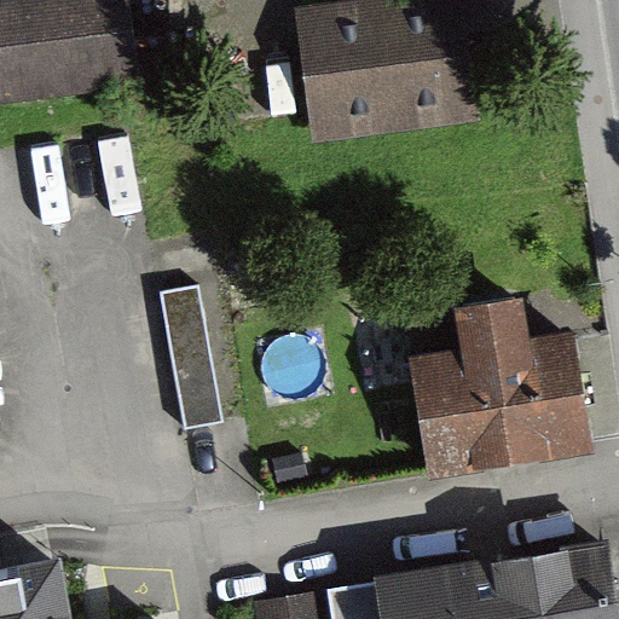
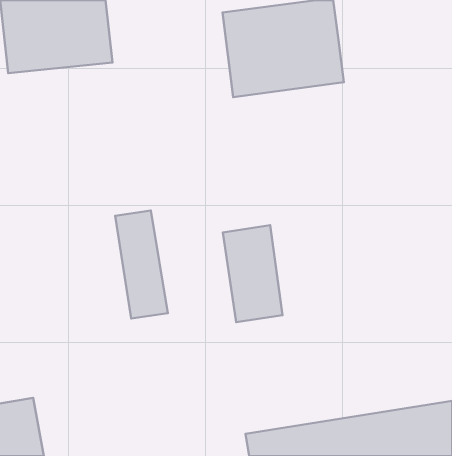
building: [405,300,580,465] -> none
building: none -> [223,225,283,322]

